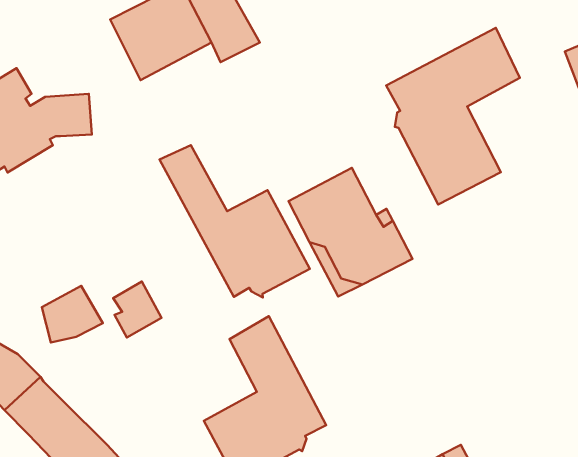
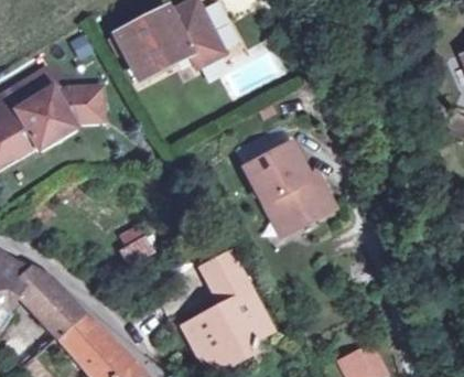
building: [386,28,520,204] -> none
building: [160,145,310,298] -> none
building: [42,286,103,343] -> none

